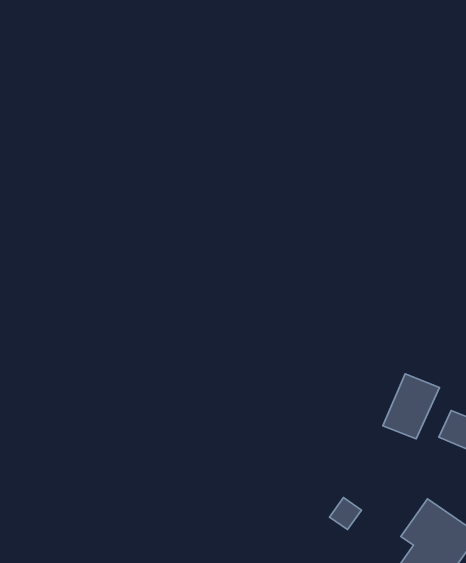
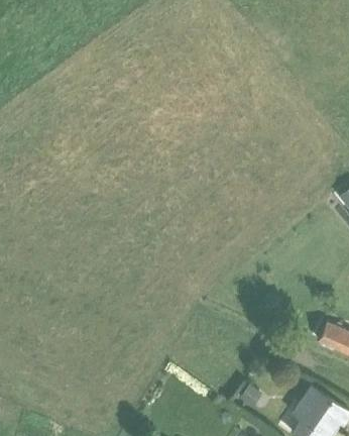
building: [383,374,439,439] -> none

